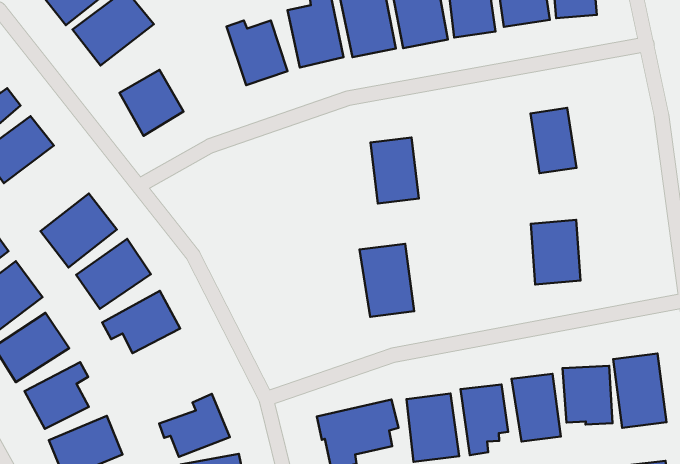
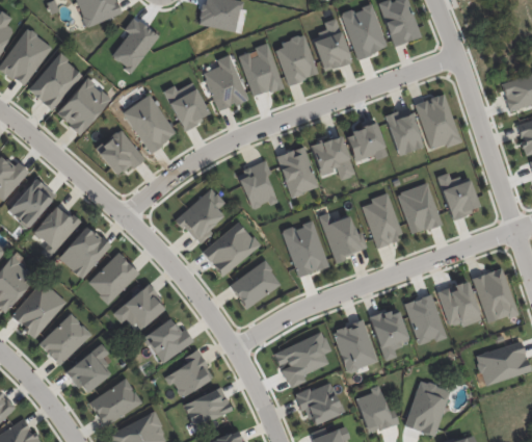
building: none -> [124,95,175,152]
building: none -> [414,94,460,151]
building: none -> [345,123,388,161]
building: none -> [310,135,354,180]
building: none -> [236,162,278,210]
building: none -> [32,203,79,257]
building: none -> [176,188,224,245]
building: none -> [437,173,478,220]
building: none -> [362,192,402,249]
building: none -> [202,222,260,277]
building: none -> [319,213,368,261]
building: none -> [229,260,281,309]
building: none -> [143,318,193,363]

